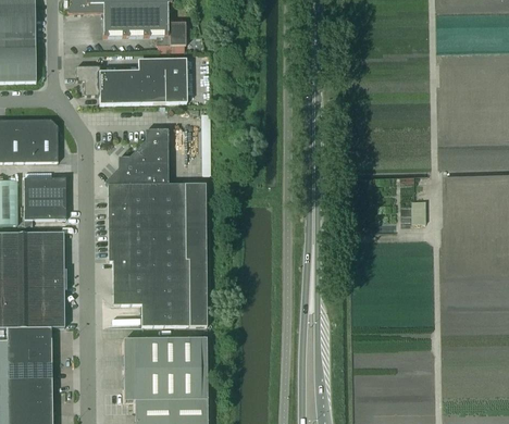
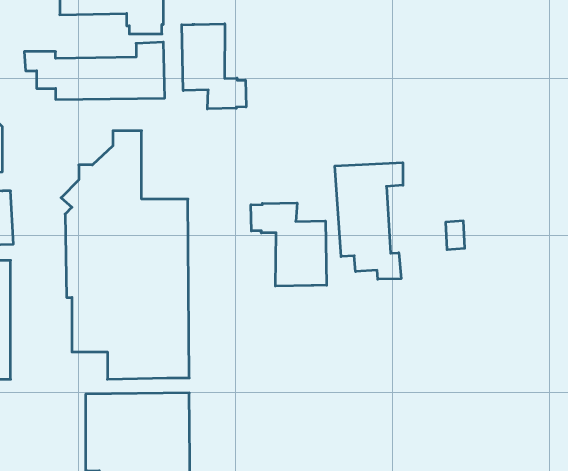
building: none -> [182,24,246,109]
building: none -> [335,163,403,279]
building: none -> [251,203,327,286]

